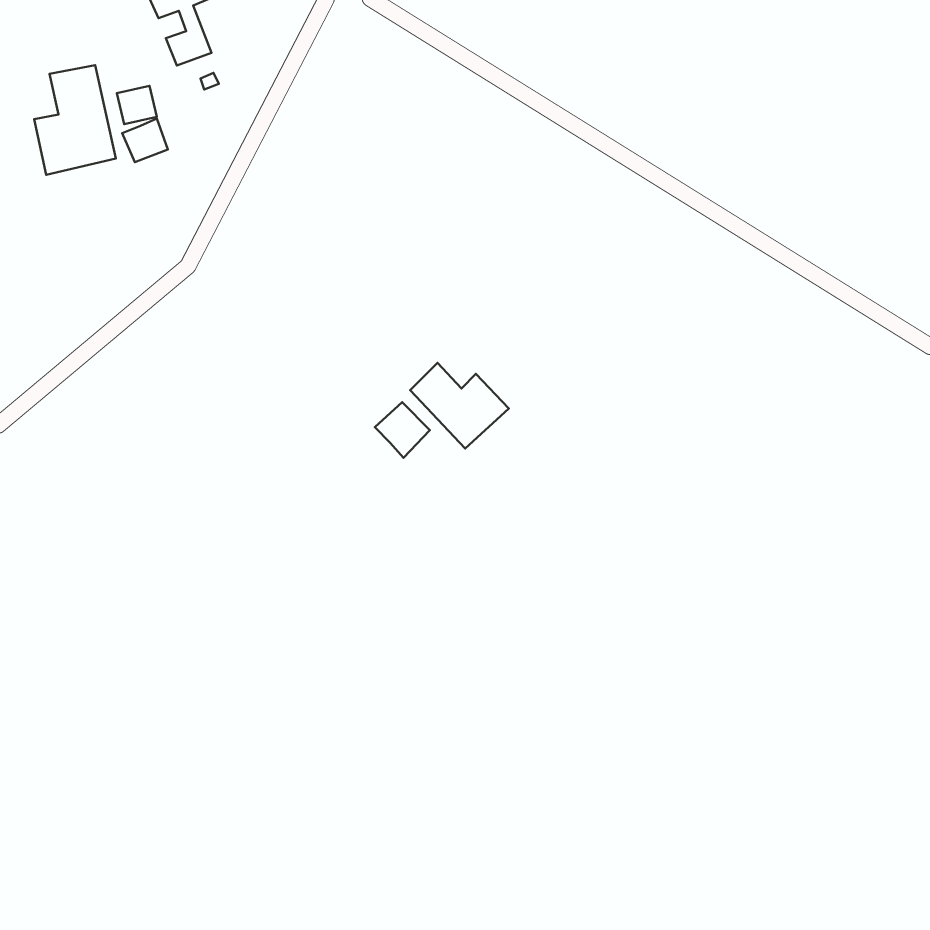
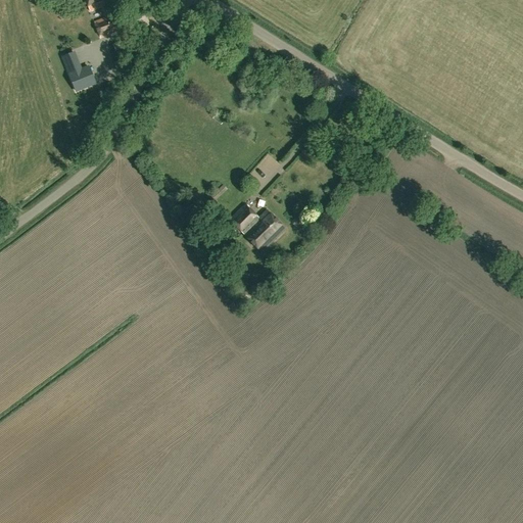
building: [34,65,116,175] -> none
building: [375,402,430,458] -> none

